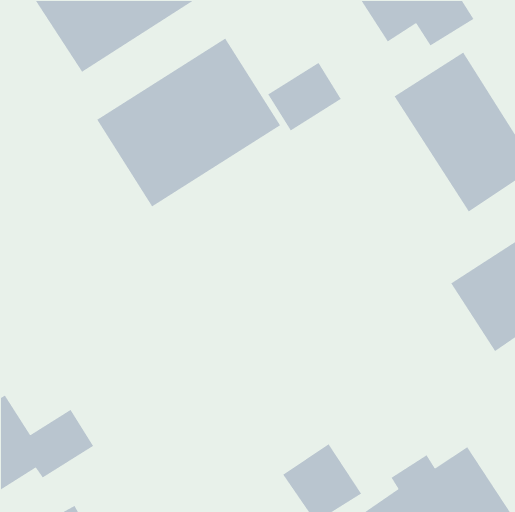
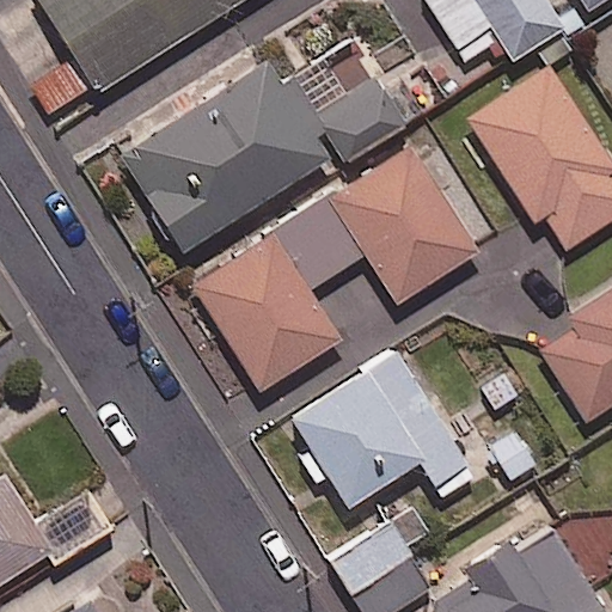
building: none -> [194,146,478,390]
building: none -> [286,350,473,509]

